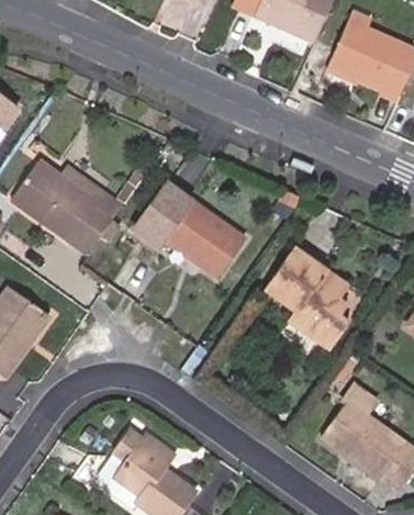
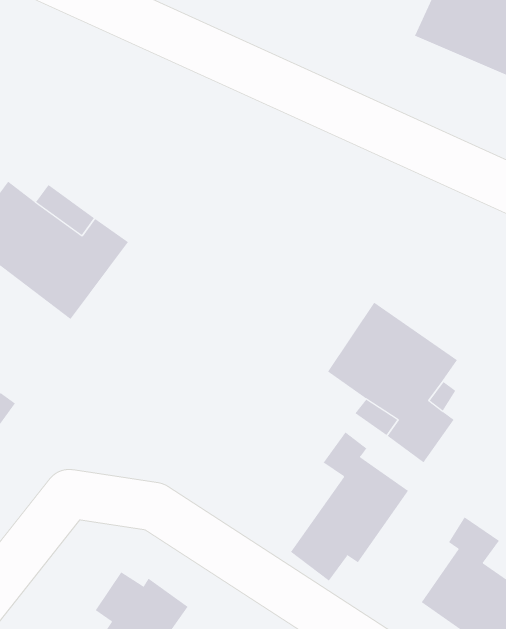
building: [131,183,247,280] -> none
building: none -> [290,431,409,581]

